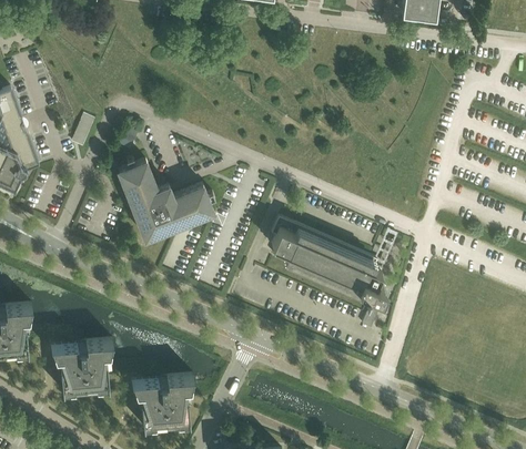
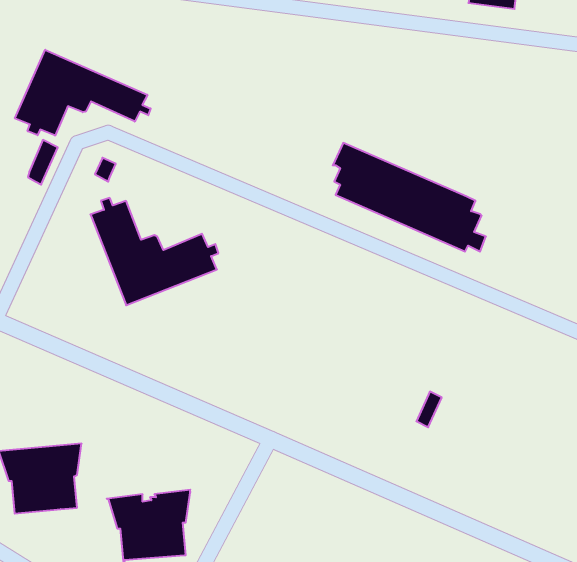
building: none -> [15,50,151,136]
building: [271,216,385,297] -> [333,143,486,252]

